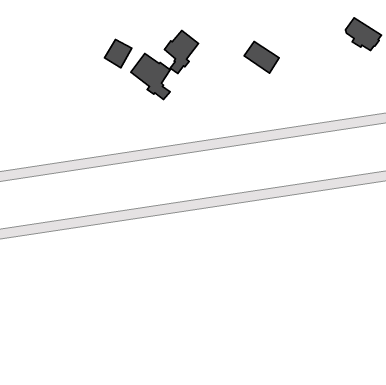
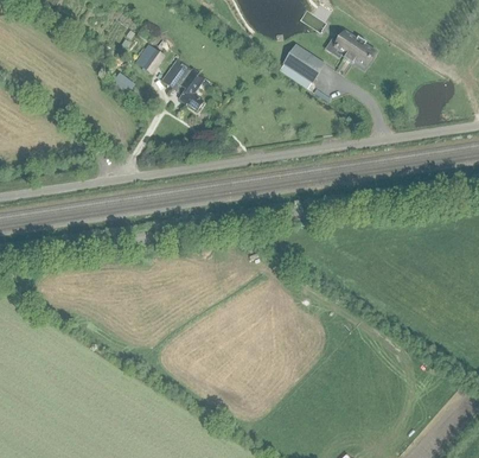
building: [345,18,381,50] -> [334,31,373,66]
building: [164,30,199,73] -> none

